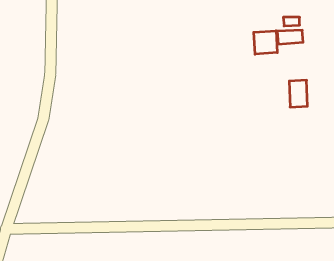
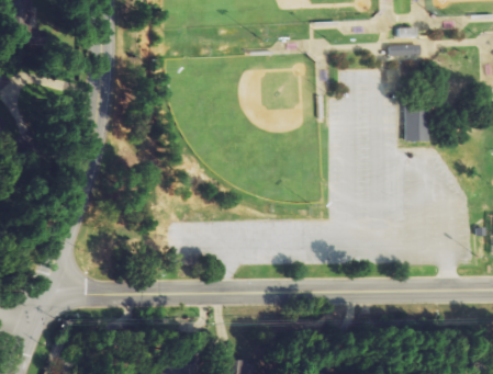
building: [254,31,277,54] -> none

